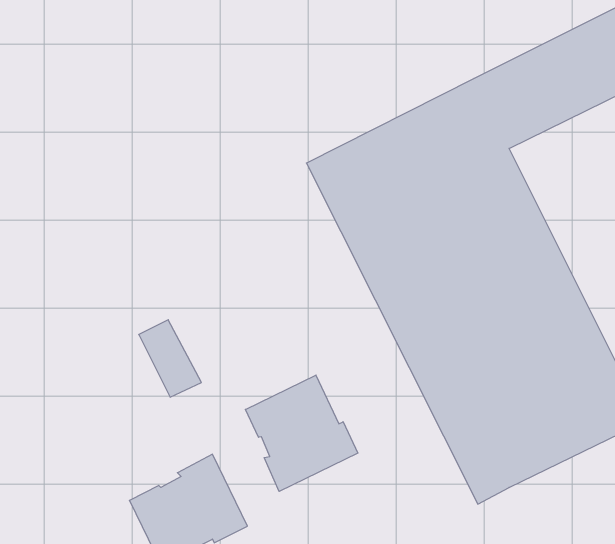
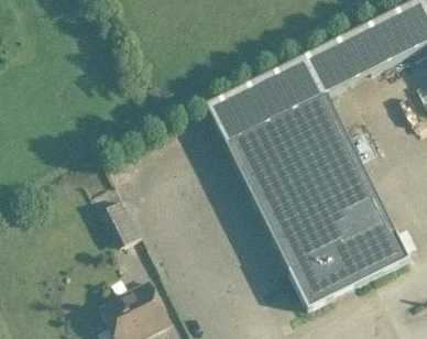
building: [245,375,358,491] -> none

